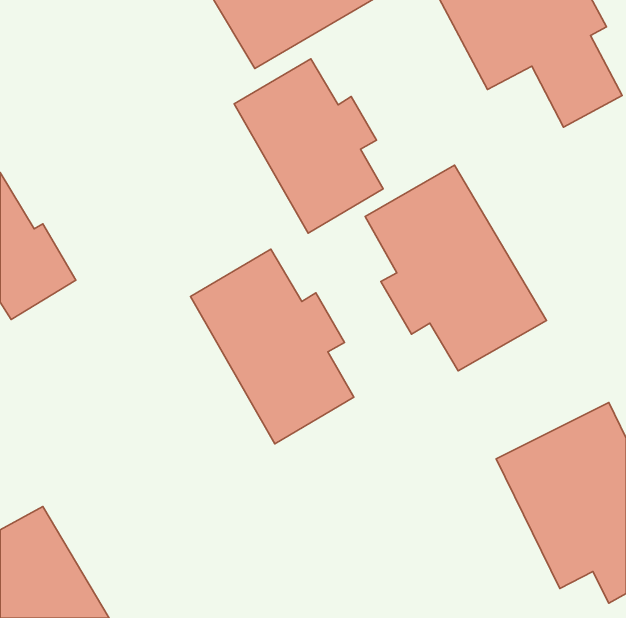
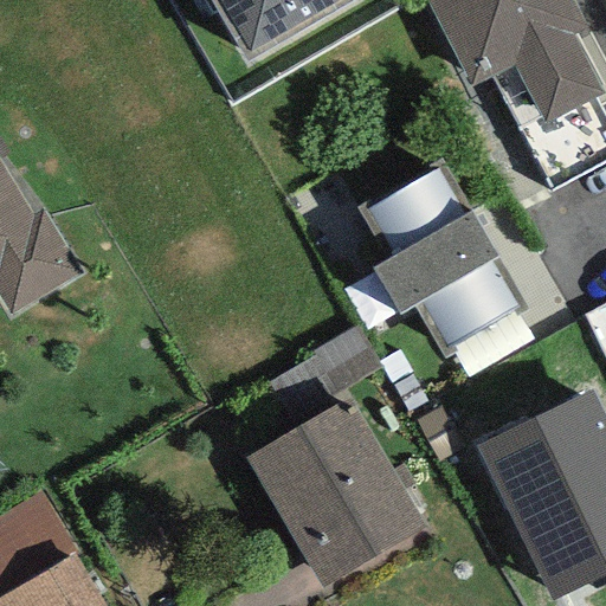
building: [234,59,383,233] -> none
building: [190,249,354,444] -> none
building: none -> [247,402,424,589]

